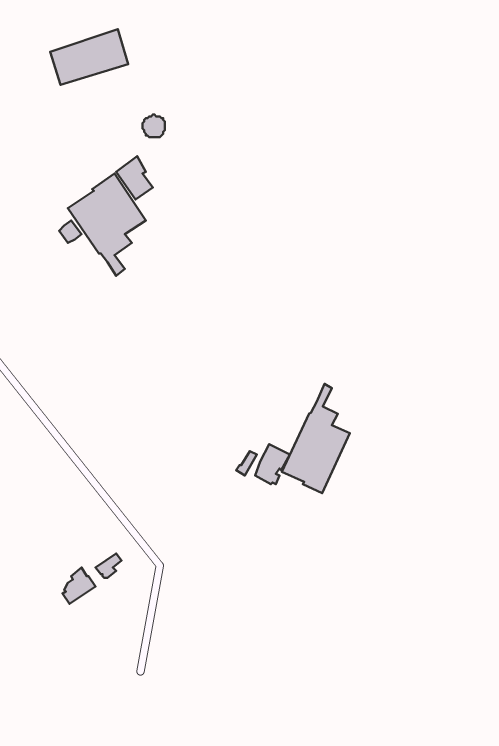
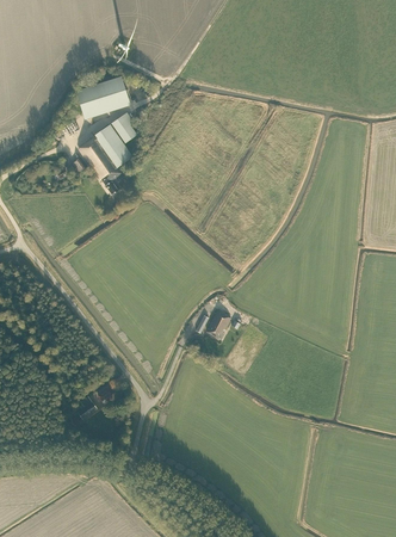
building: [50,29,128,85] -> [75,78,129,116]
building: [282,384,350,493] -> none

